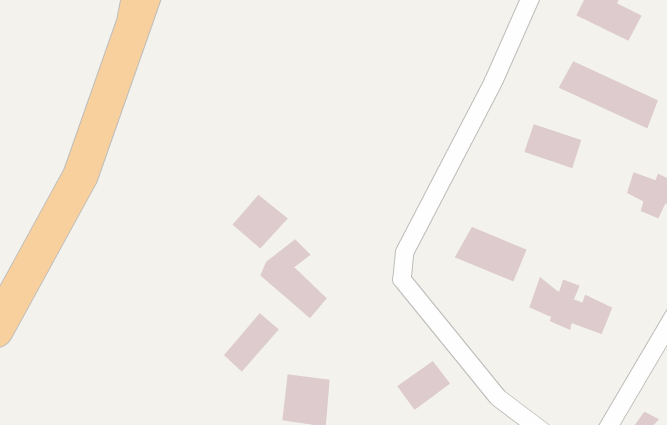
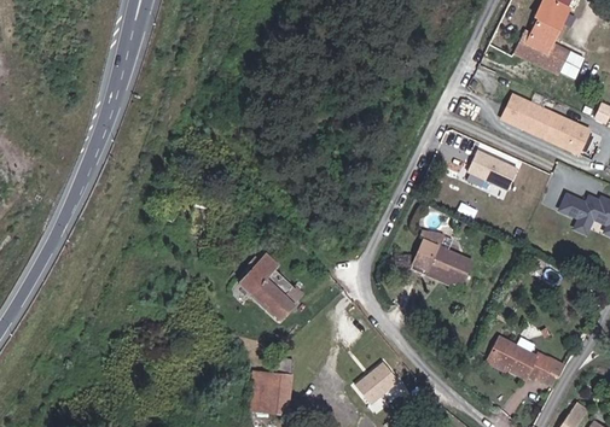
building: [231,194,289,249] -> none
building: [528,276,613,335] -> [487,334,562,386]
building: [223,312,280,372] -> none

